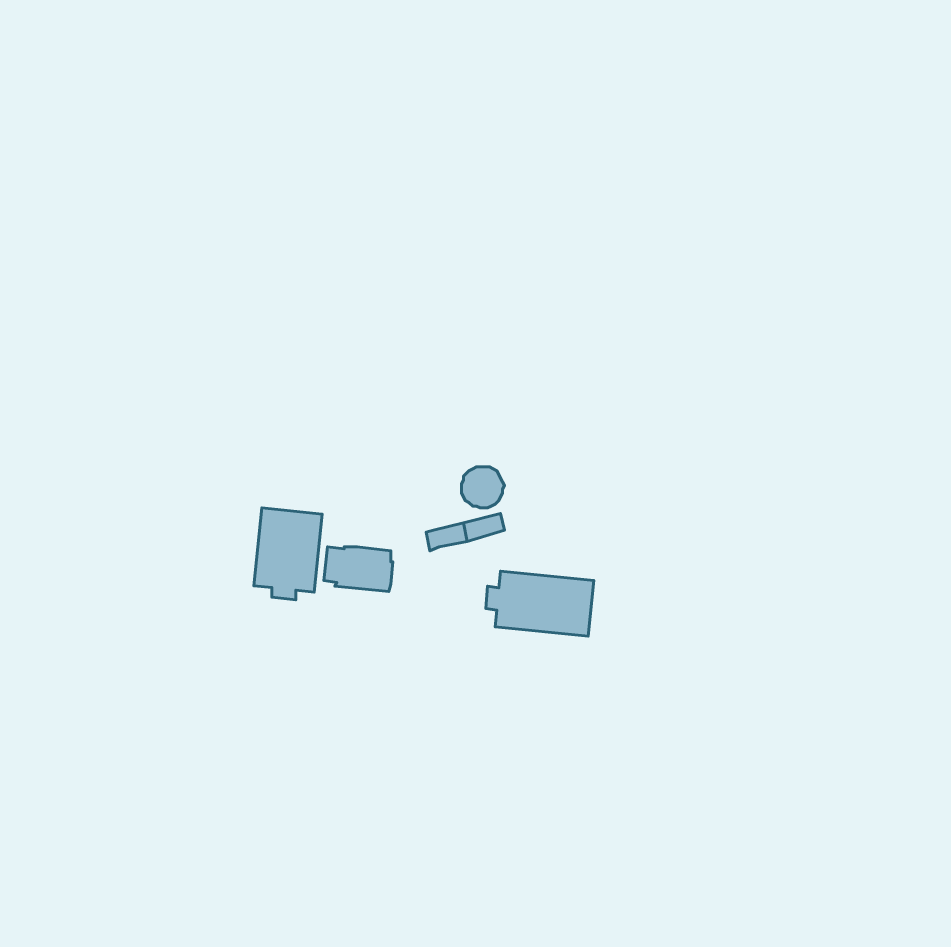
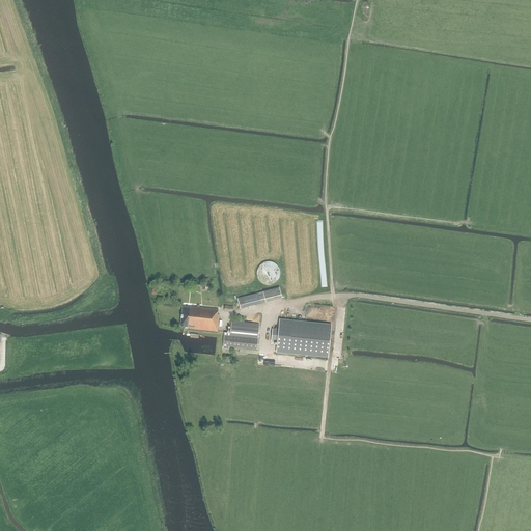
building: [254,508,322,600] -> none
building: none -> [223,319,259,347]

